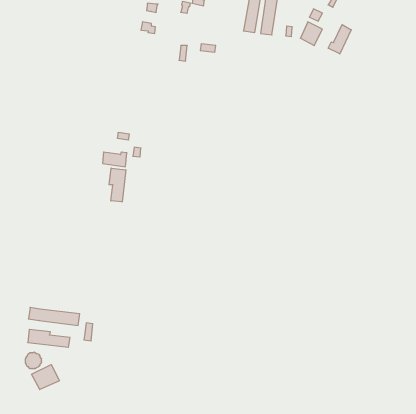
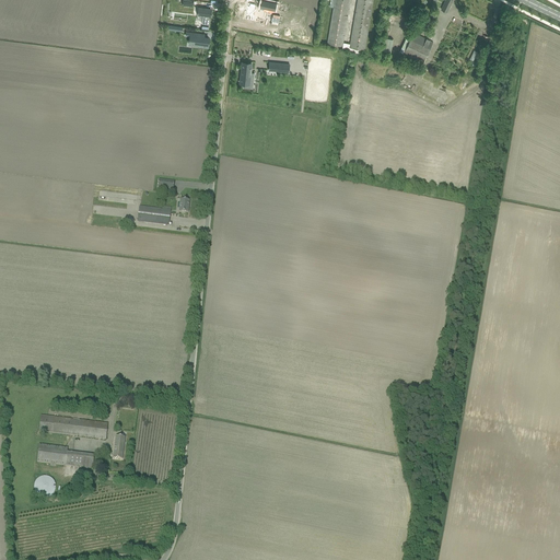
building: [328,25,351,54] -> none
building: [109,168,126,202] -> none
building: [32,365,59,390] -> none

